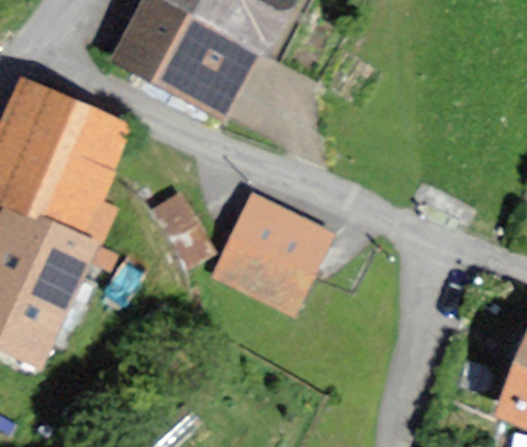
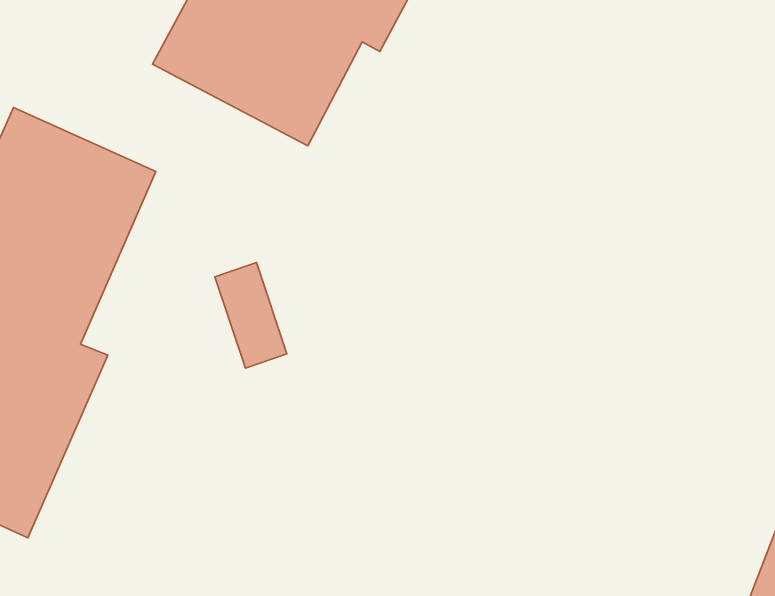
building: [205,198,327,317] -> none

